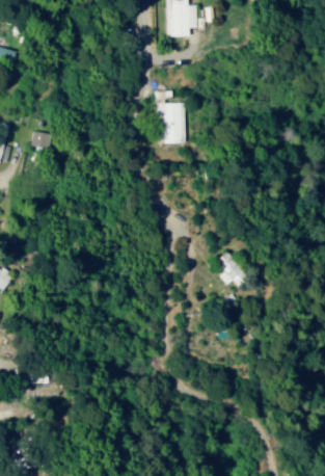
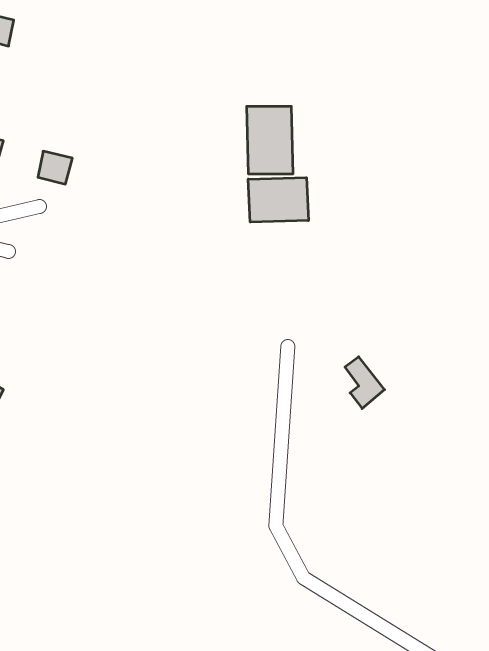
building: none -> [248,178,308,222]

